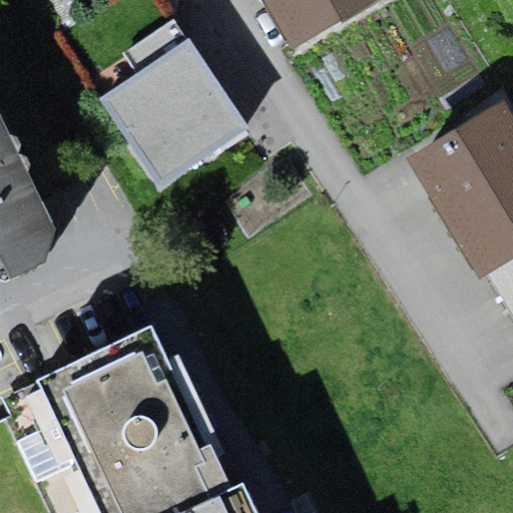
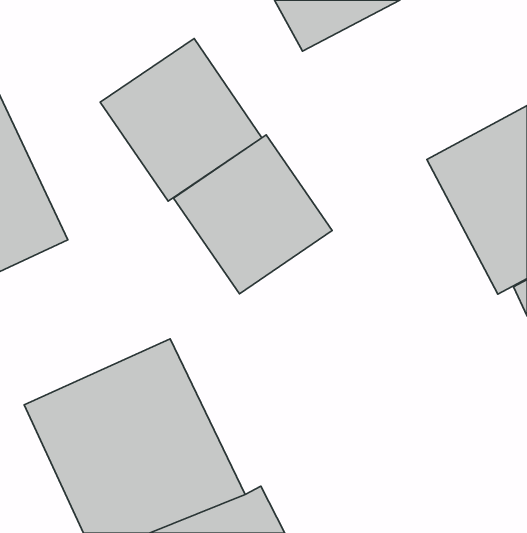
building: none -> [173,135,332,294]

